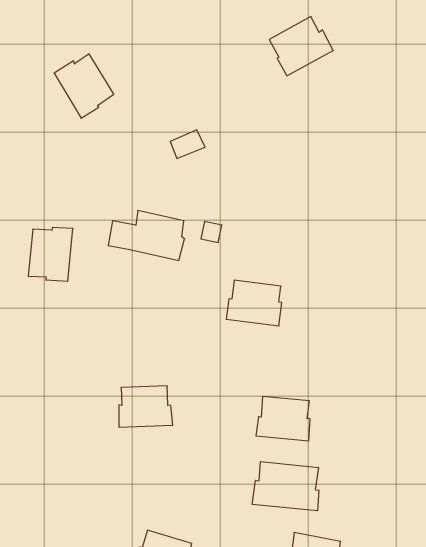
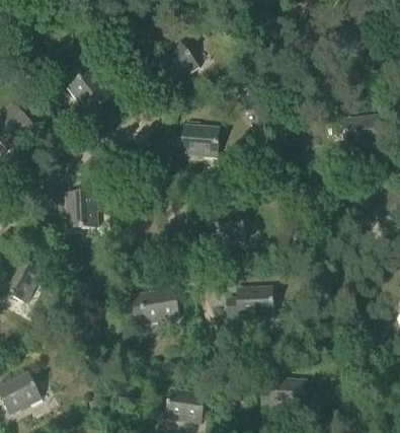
building: [269,17,333,76] -> [154,43,198,85]
building: [108,211,185,260] -> [168,125,220,155]
building: [252,462,319,511] -> none

